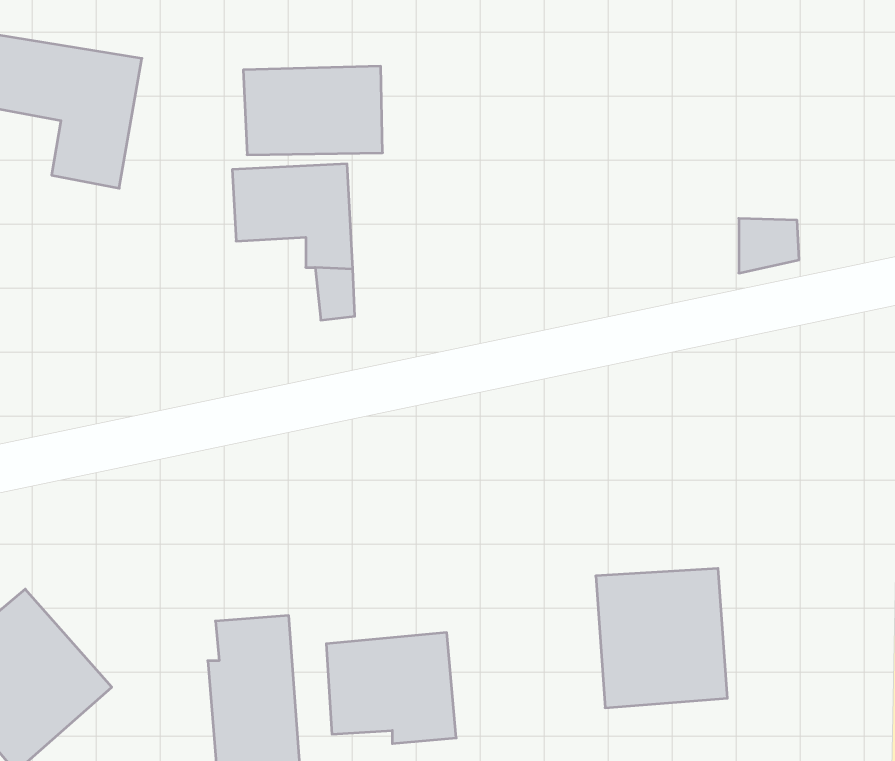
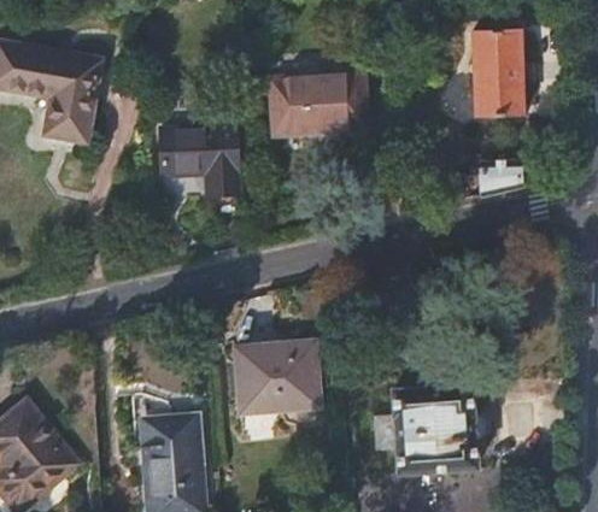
building: none -> [468,33,521,119]
building: [243,66,383,155] -> [270,80,359,136]
building: [326,633,456,744] -> [235,340,318,411]

